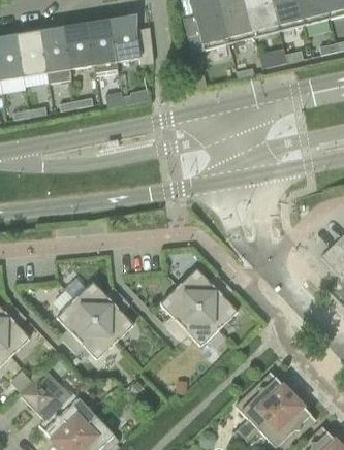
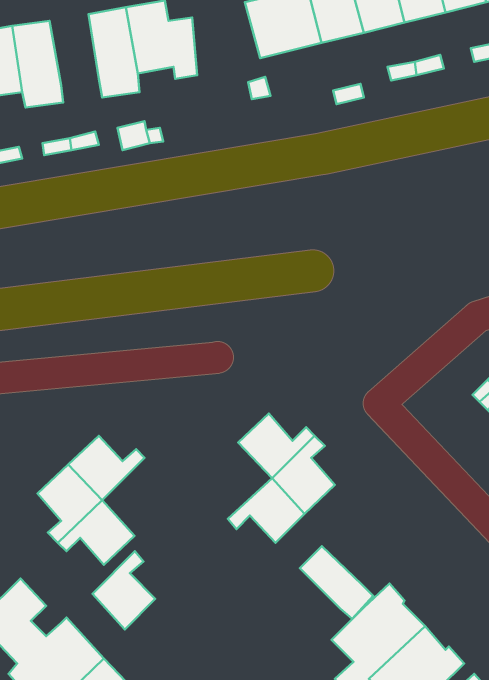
building: [63,24,93,67] -> none
building: [159,284,198,330] -> none
building: [95,293,133,341] -> [92,551,155,629]
building: none -> [300,546,373,619]

